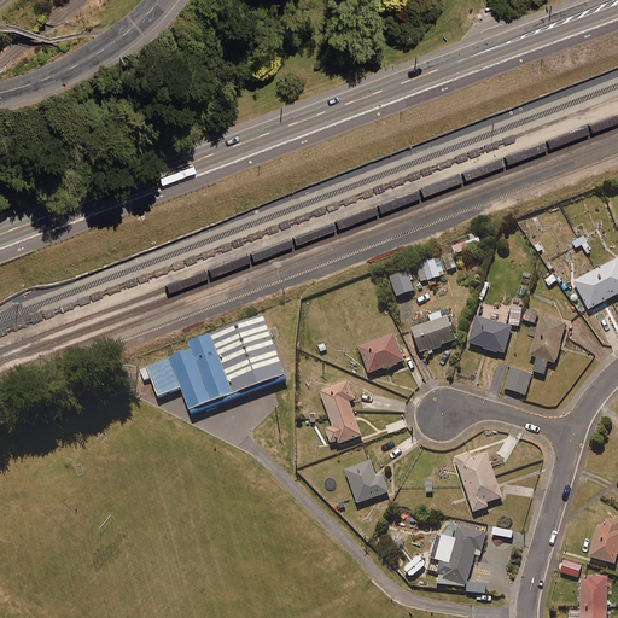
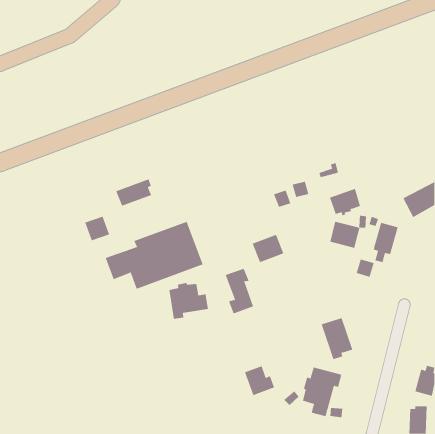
building: none -> [116,179,152,206]
building: none -> [85,216,110,241]
building: [409,314,454,354] -> [329,188,361,216]
building: none -> [169,282,208,320]
building: [344,459,387,502] -> [244,365,275,396]

